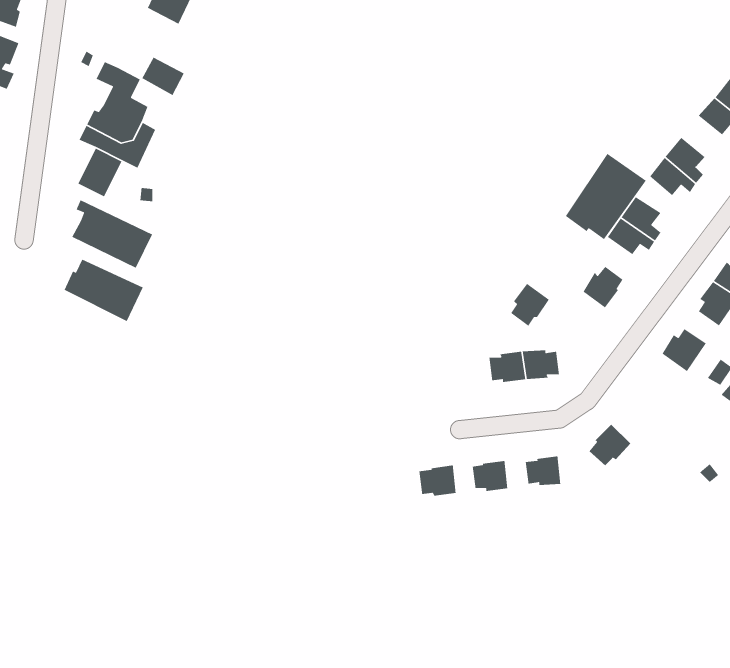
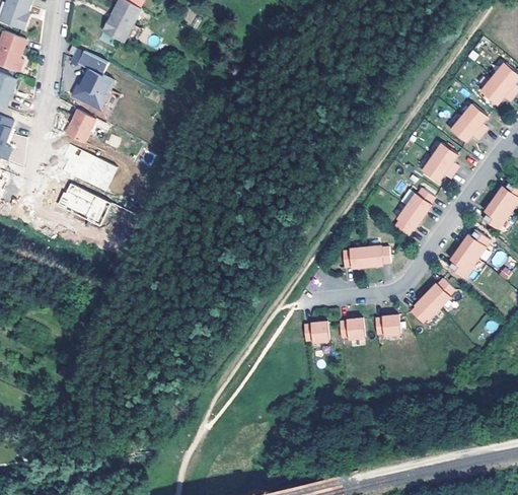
building: [141,57,185,96] -> [105,16,135,43]
building: [565,153,647,240] -> none
building: [510,283,550,327] -> [393,206,420,235]
building: none -> [446,248,474,278]
building: none -> [424,279,451,307]

